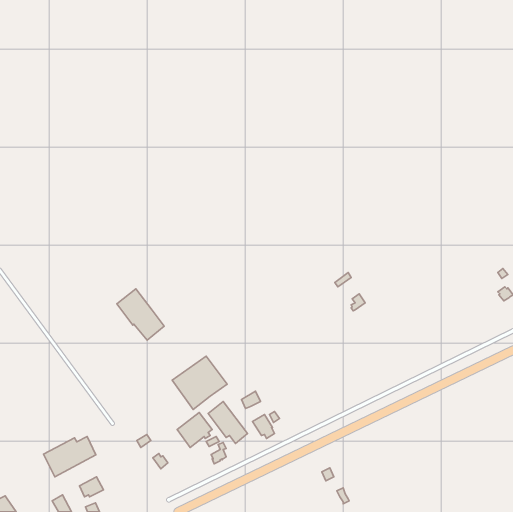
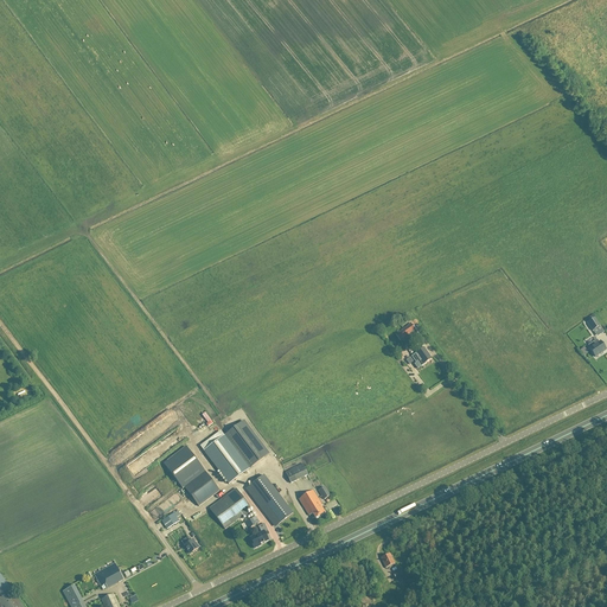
building: [117,289,164,340] -> [162,445,218,505]
building: [44,436,96,477] -> none

